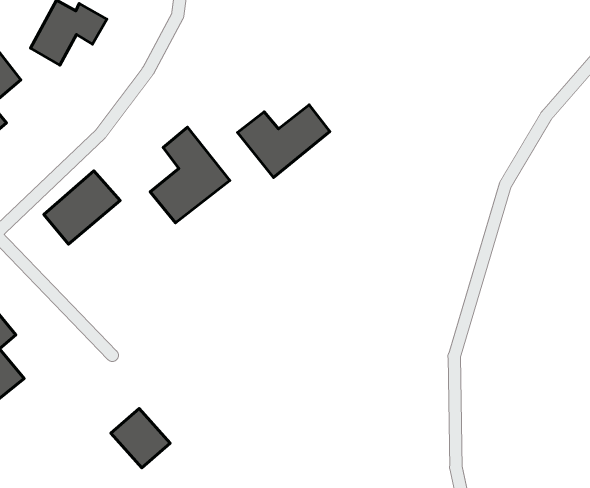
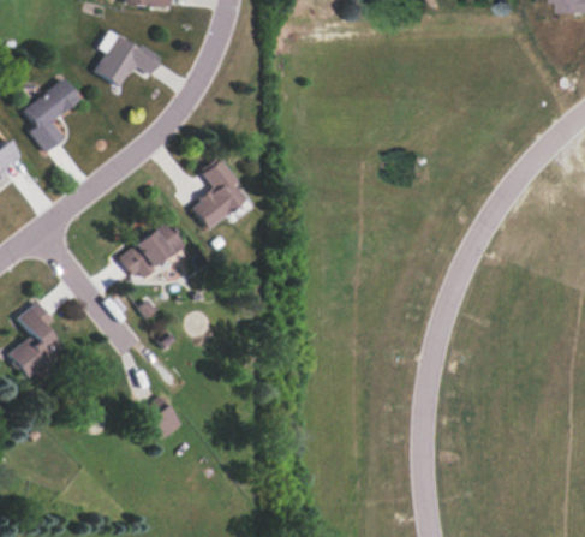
building: [238,105,330,177] -> none
building: [44,171,120,244] -> [117,220,184,281]

